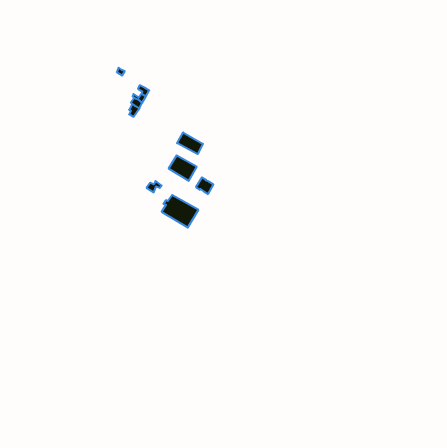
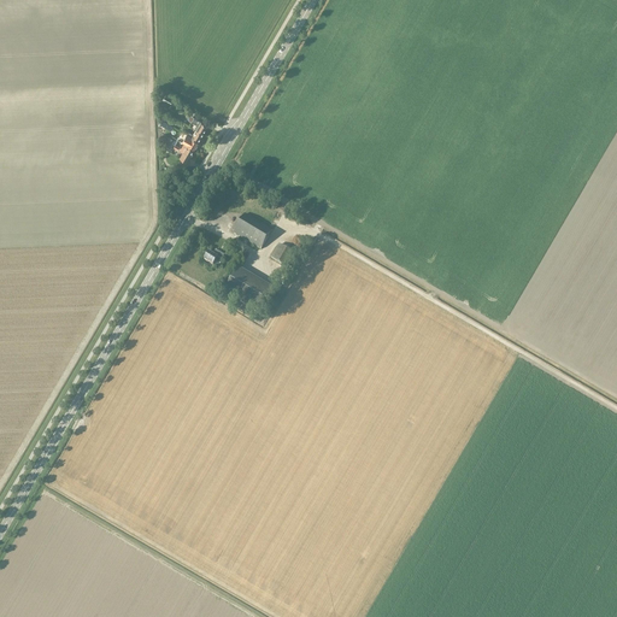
building: [177,132,203,154] -> none

